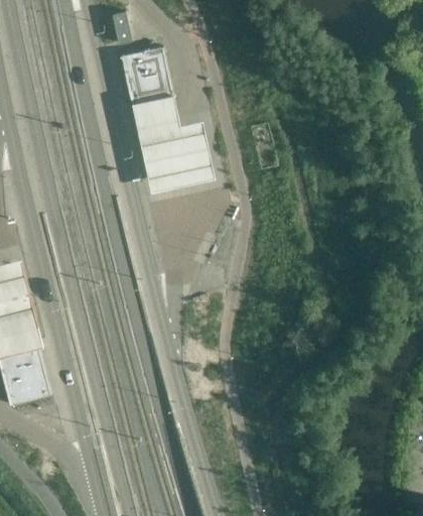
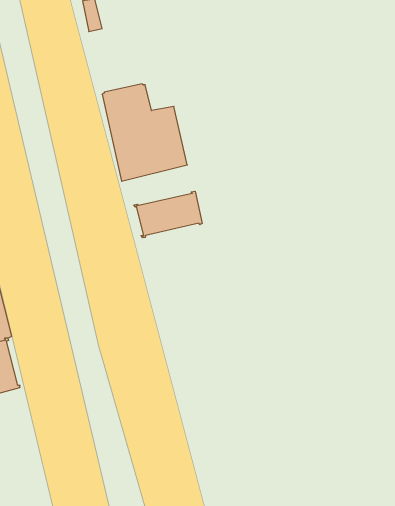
building: [120,49,173,108] -> none
building: none -> [134,191,202,238]

